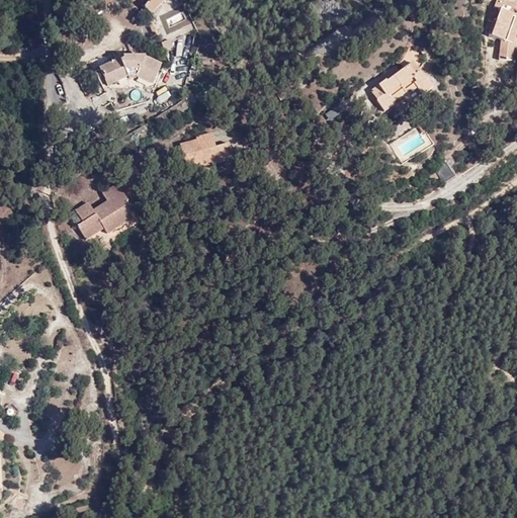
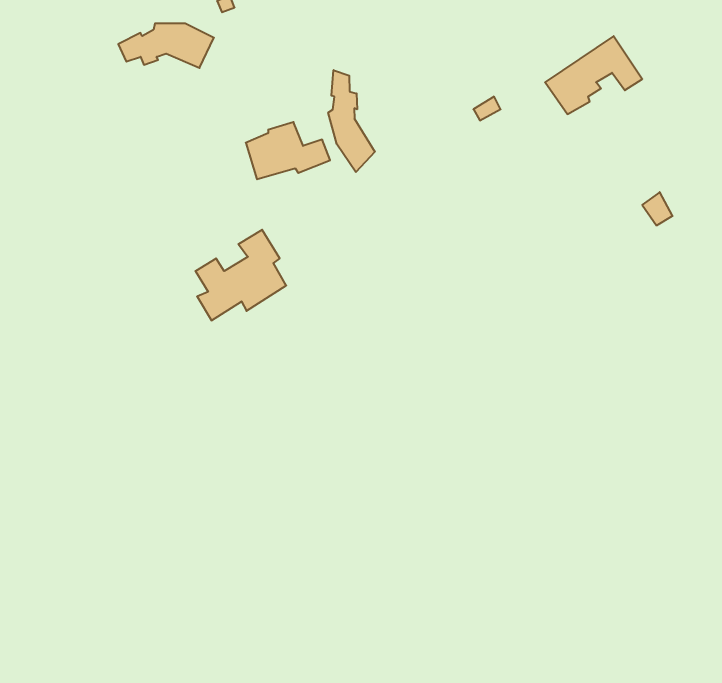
building: none -> [328,70,375,172]
building: [76,179,134,237] -> [195,230,286,320]

